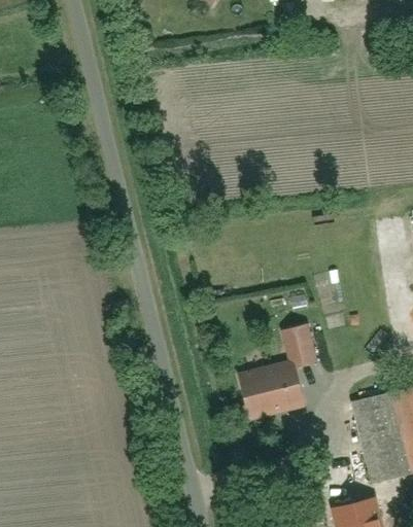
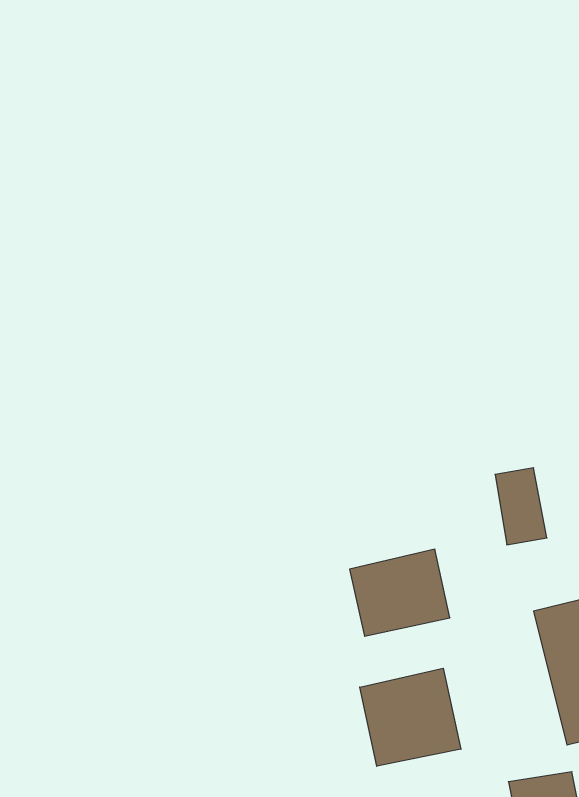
building: [285,321,317,368] -> [495,468,547,545]
building: none -> [360,668,461,766]

